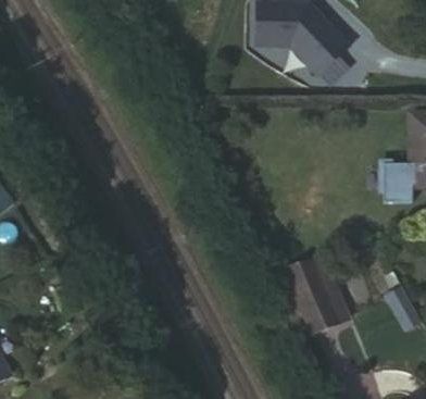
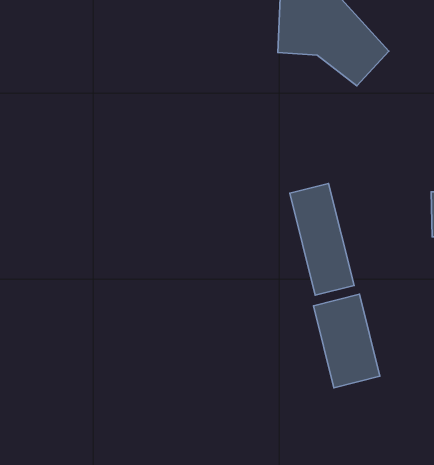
building: none -> [290,184,354,295]

